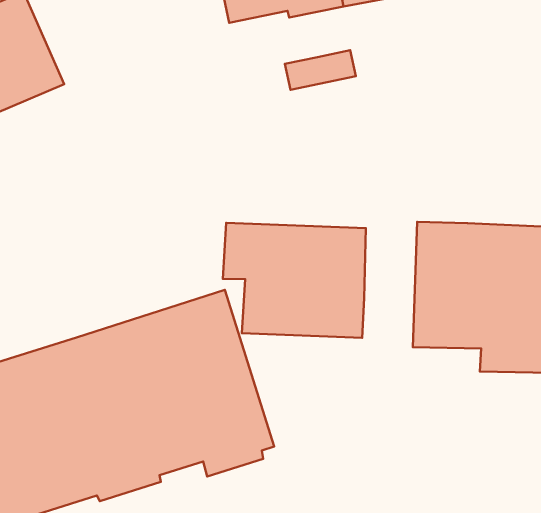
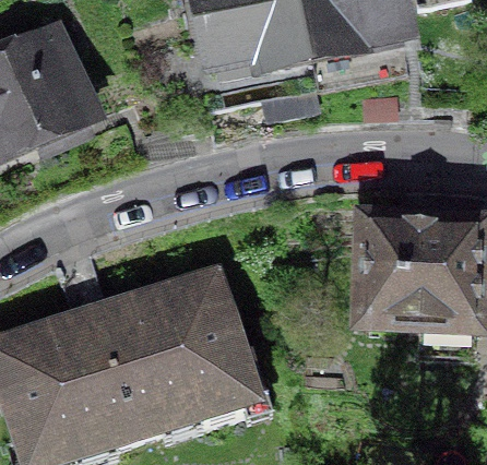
building: [223,223,366,338] -> none

